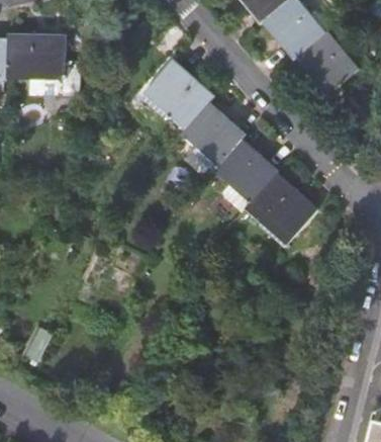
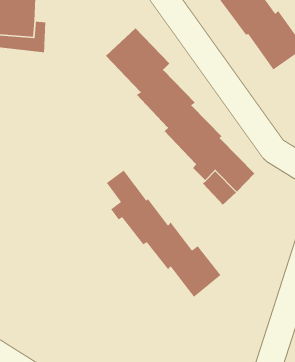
building: none -> [106,169,221,298]

